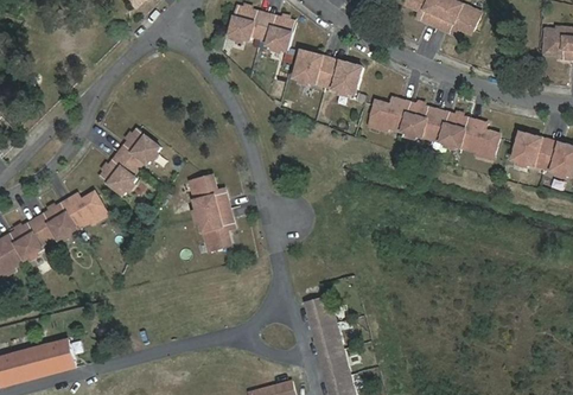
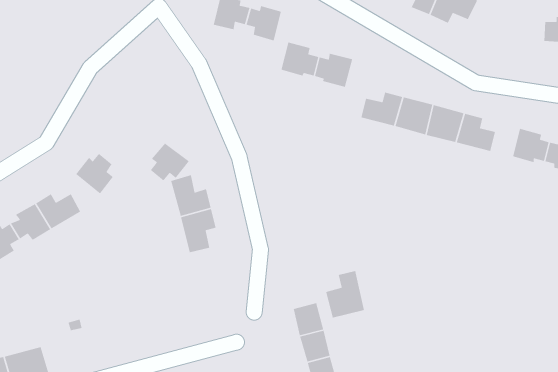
building: [121,129,159,166] -> [150,143,190,181]
building: none -> [325,270,365,319]

